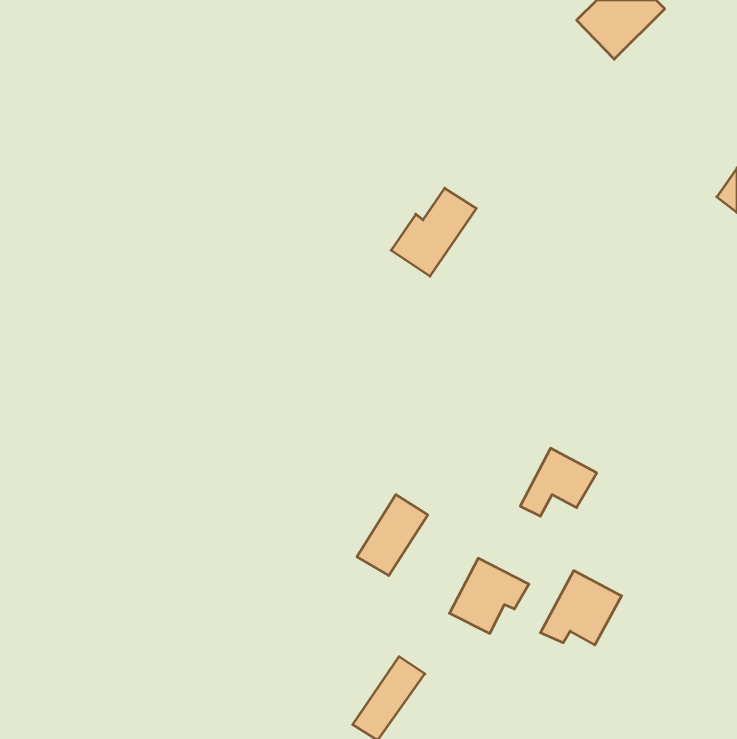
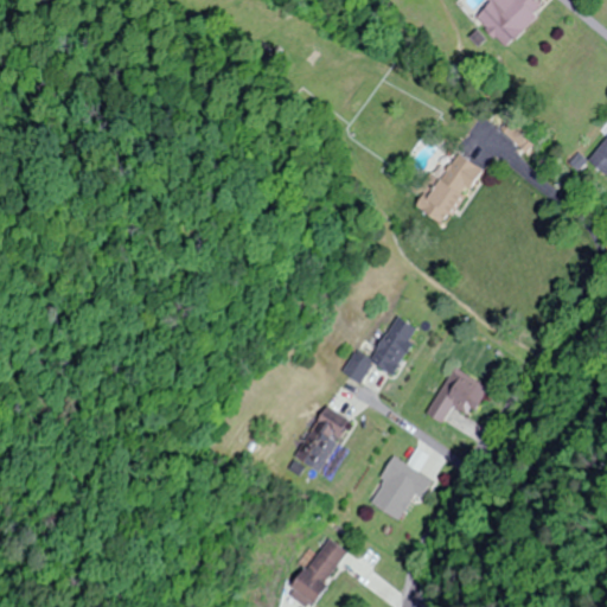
building: [391,188,476,276] -> [413,153,483,225]
building: none -> [340,315,418,384]
building: [540,571,622,645] -> none

